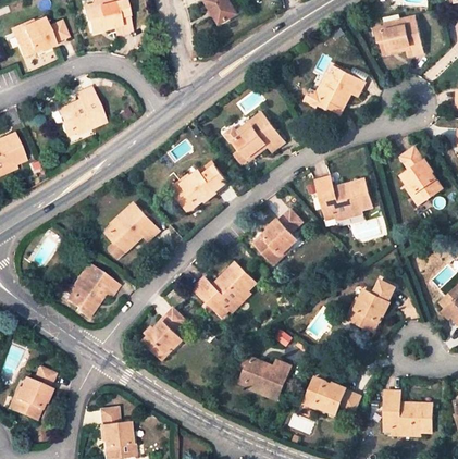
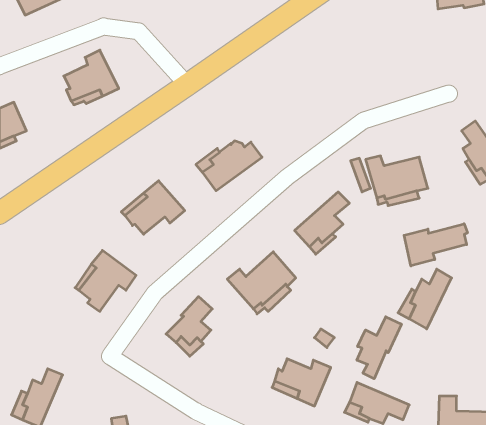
building: [304,64,364,111] -> none
building: [226,114,284,166] -> none
building: none -> [404,224,467,266]
building: none -> [357,317,401,379]

